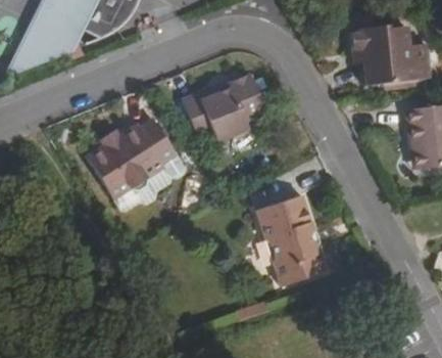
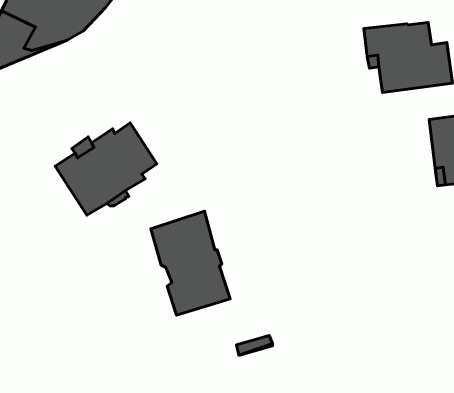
building: [181,75,266,140] -> none
building: [253,194,323,285] -> [151,211,230,315]

